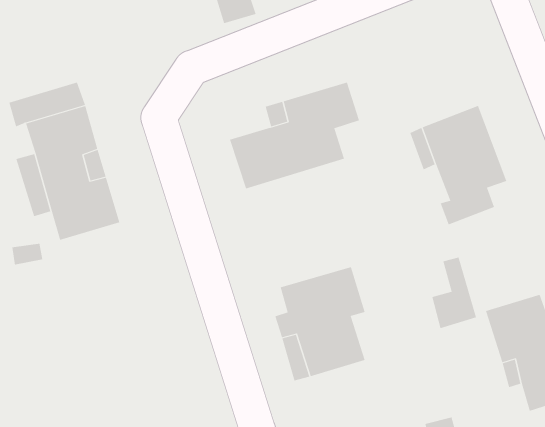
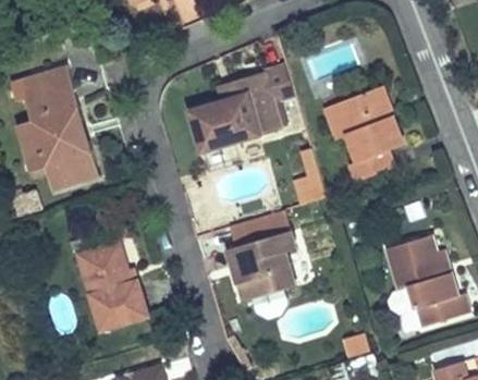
building: [432,257,477,329] -> [289,146,324,203]
building: none -> [78,242,147,328]

